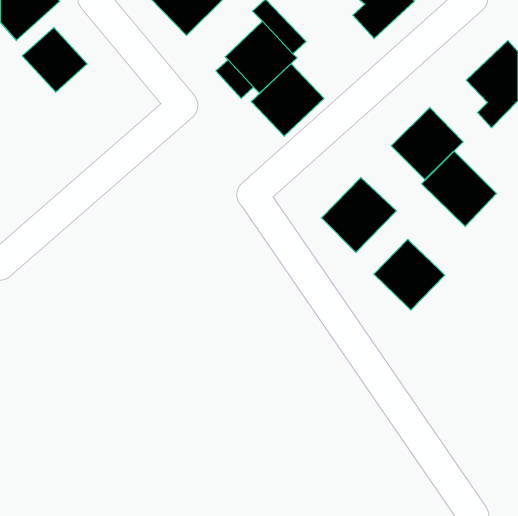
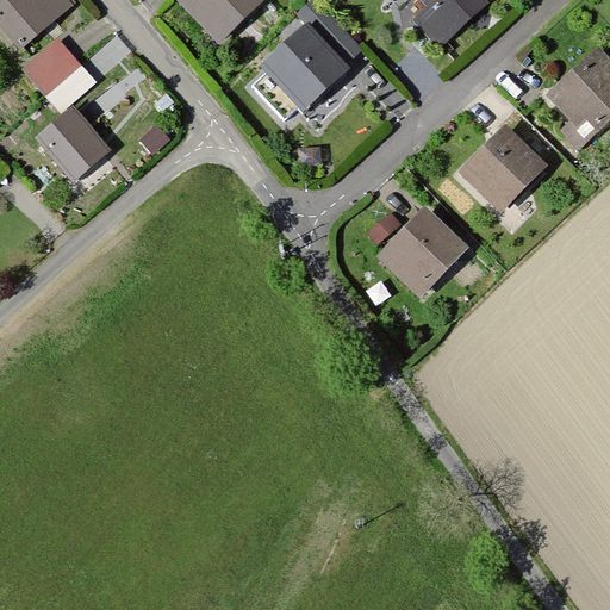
building: [251,64,324,136] -> none
building: none -> [37,107,110,180]
building: [422,151,497,226] -> none
building: [374,239,445,310] -> none

